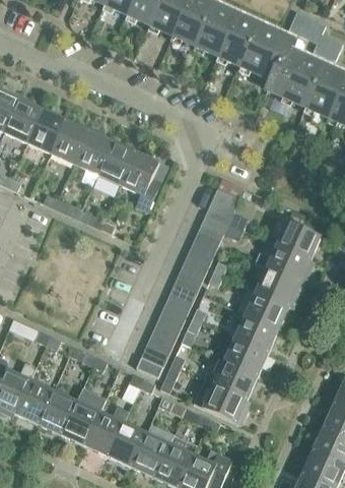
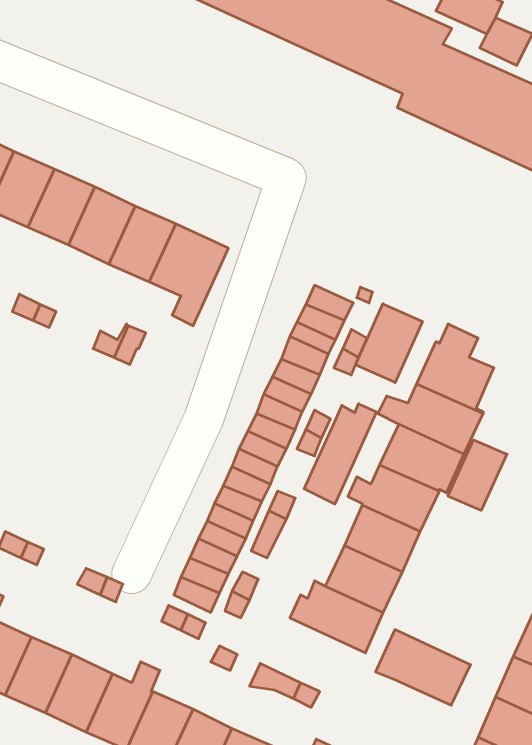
building: none -> [355,304,422,383]
building: none -> [304,404,376,504]
building: none -> [448,440,507,510]
building: [192,380,247,424] -> [376,630,471,705]

